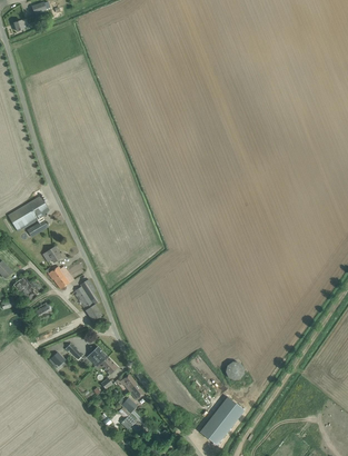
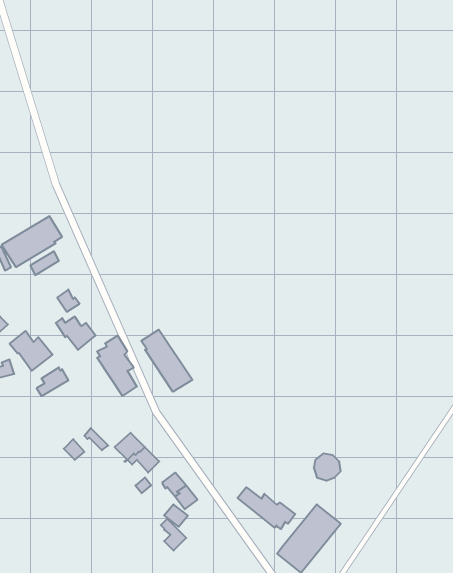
building: none -> [141,330,192,392]
building: none -> [238,487,295,529]

